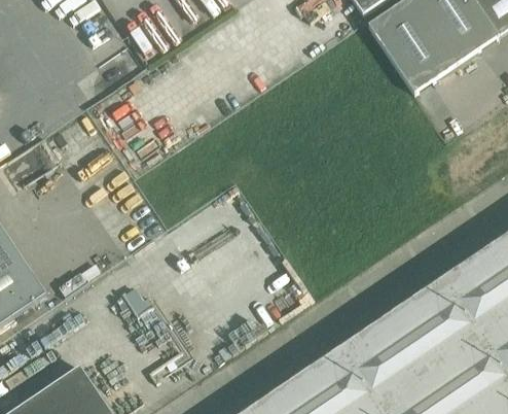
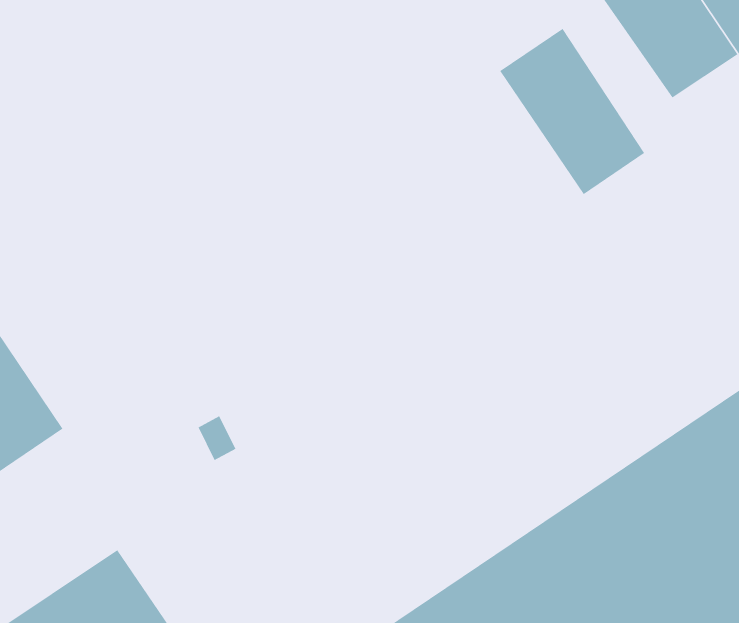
building: none -> [499,28,645,195]

